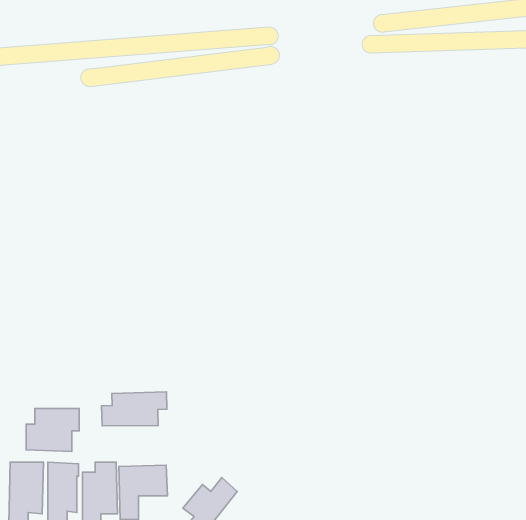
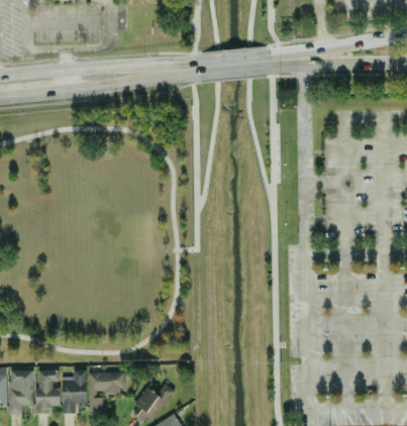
building: [101,392,167,426] -> none
building: [26,409,79,451] -> none

